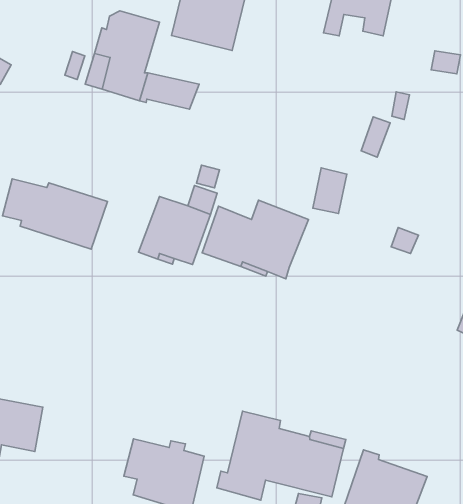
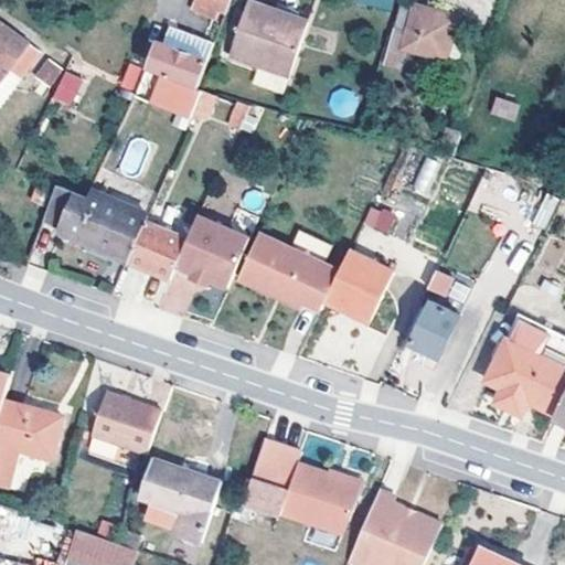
building: none -> [127,221,184,280]
building: none -> [322,249,393,322]
building: none -> [409,302,461,364]
building: none -> [95,394,164,458]

